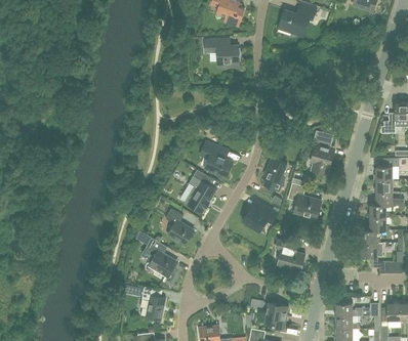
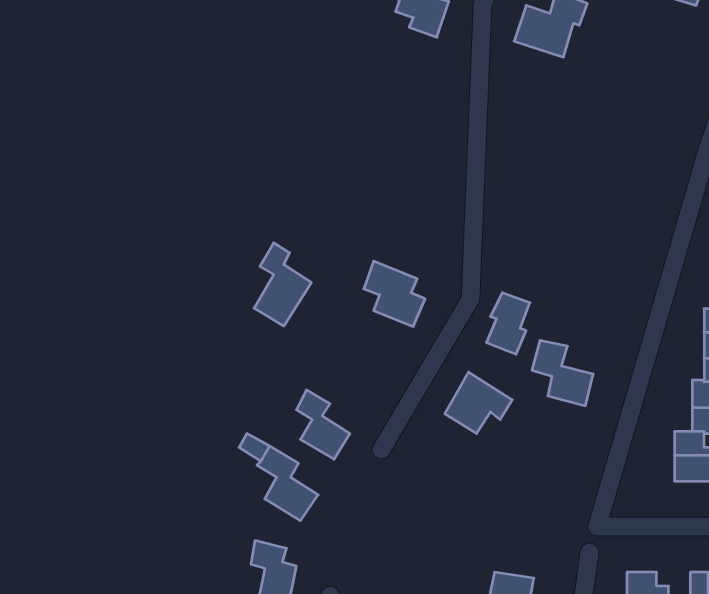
building: [204,39,239,69] -> none
building: [311,143,334,174] -> none
building: [187,170,216,213] -> [254,243,311,326]
building: [275,240,304,271] -> none

